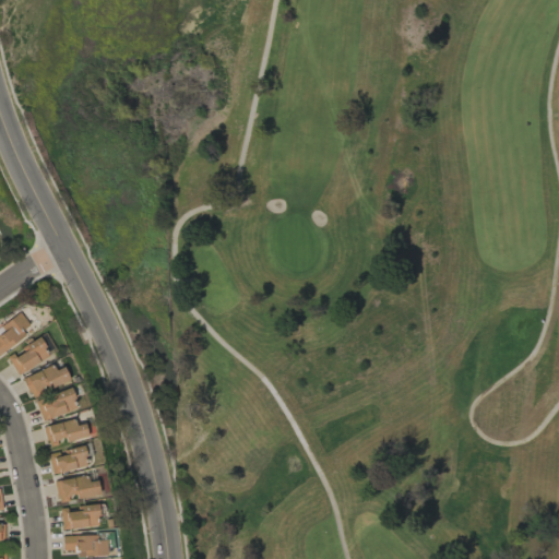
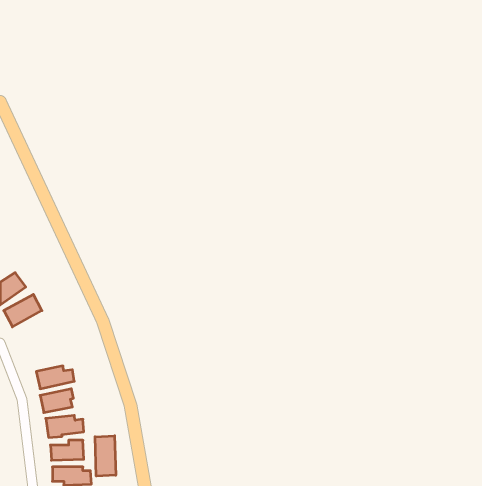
building: [26,366,72,396] -> none
building: [38,391,79,420] -> none
building: none -> [95,436,116,476]

